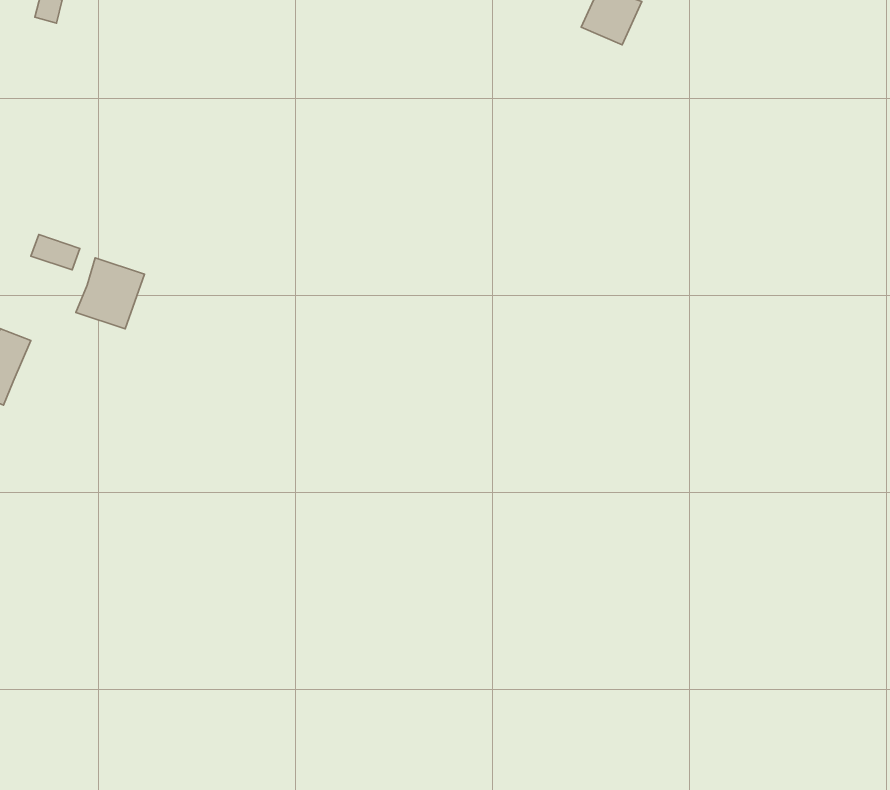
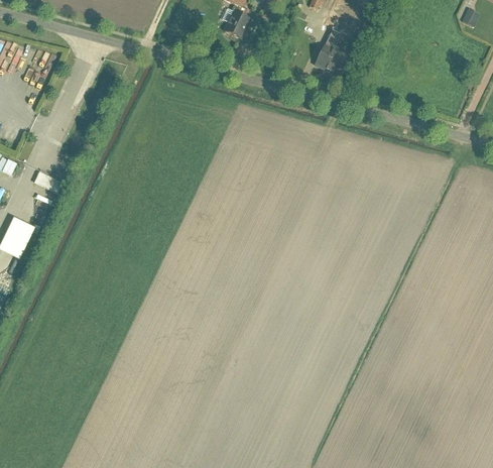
building: [76,258,144,329] -> none

